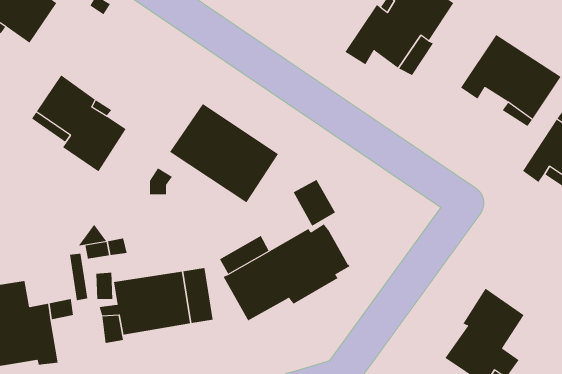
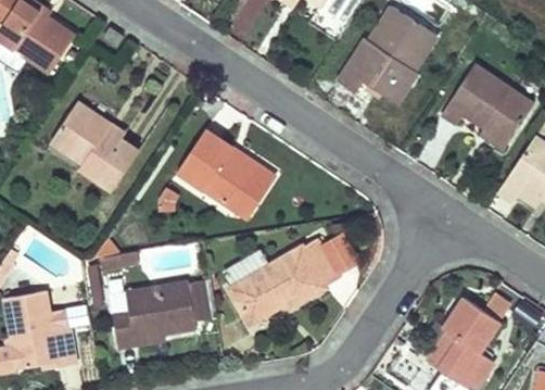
building: [293,179,336,227] -> [321,231,360,275]

